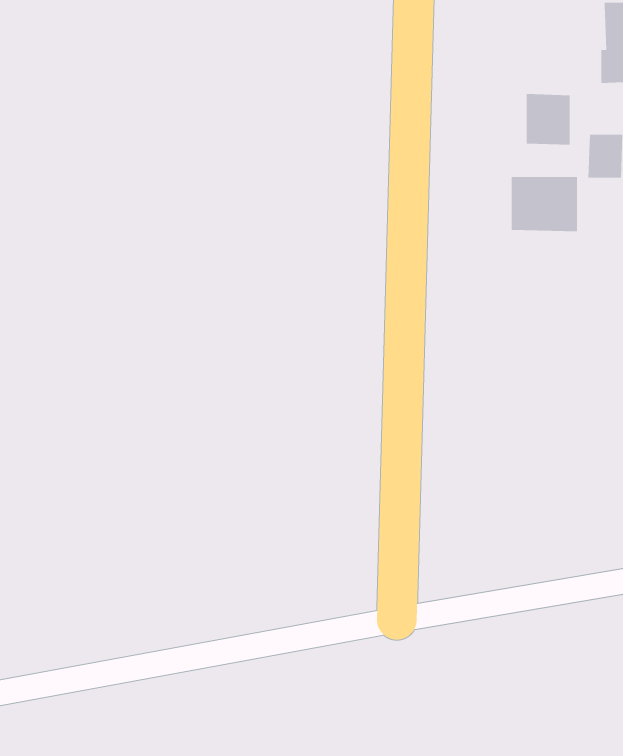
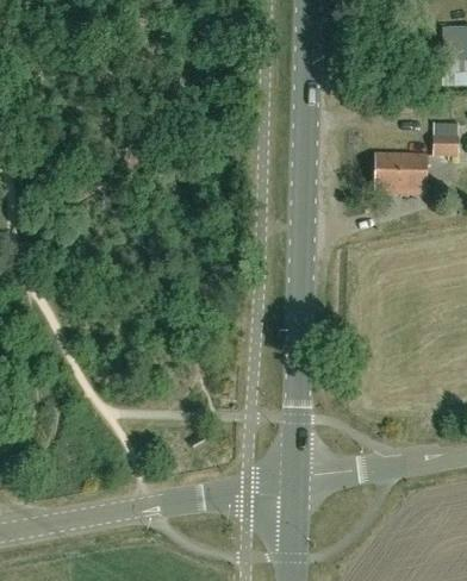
building: [526,93,570,146] -> none

